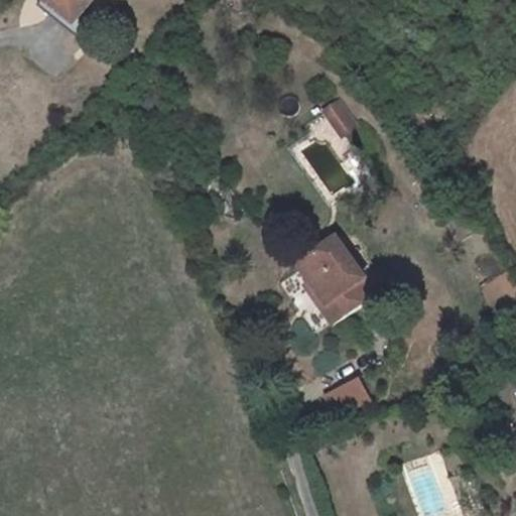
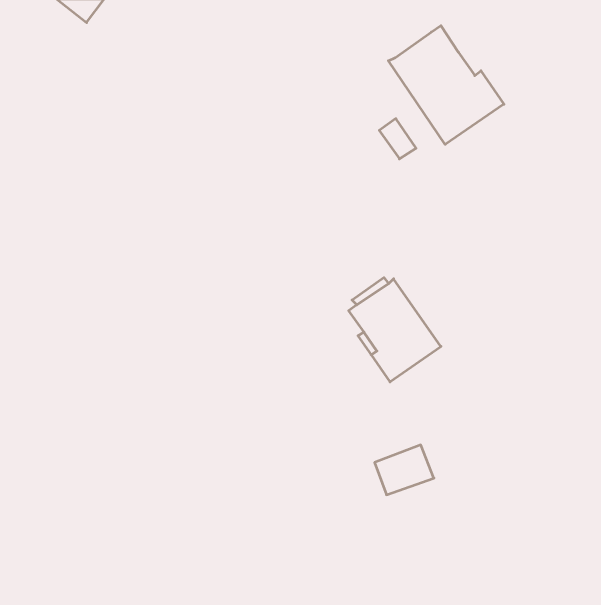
building: none -> [388,26,504,144]

